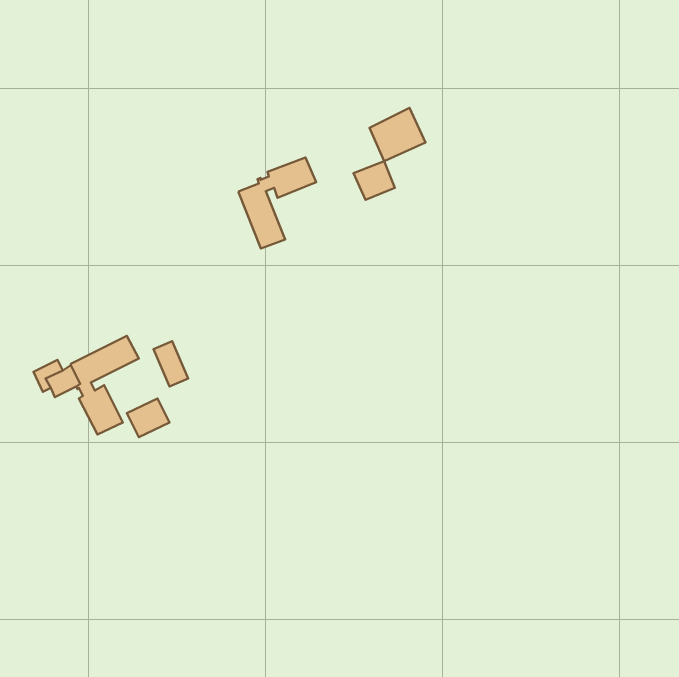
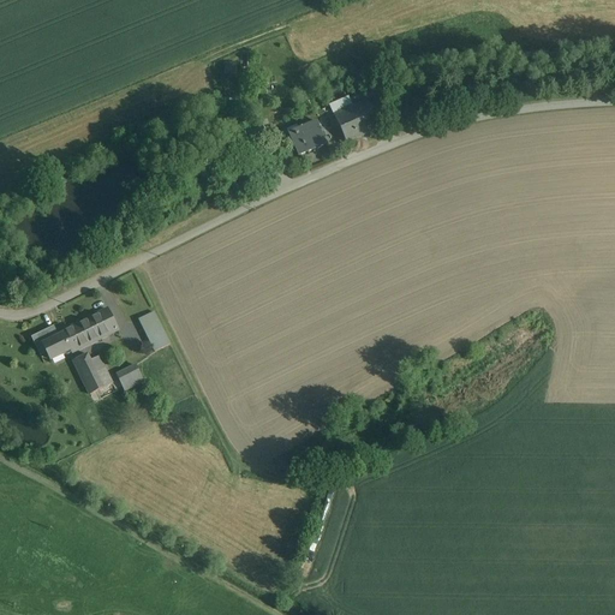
building: [238,157,316,249] -> none
building: [354,161,395,200] -> [286,119,323,154]

